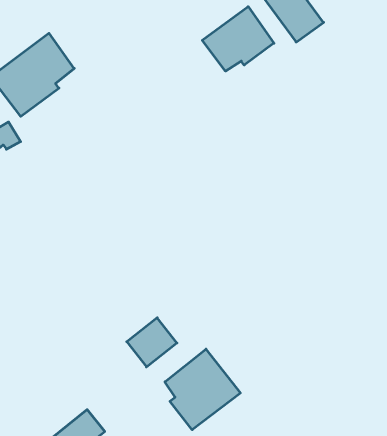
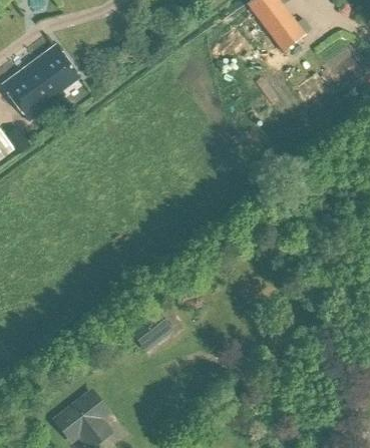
building: [202,7,274,71] -> none
building: [165,349,240,430] -> none

